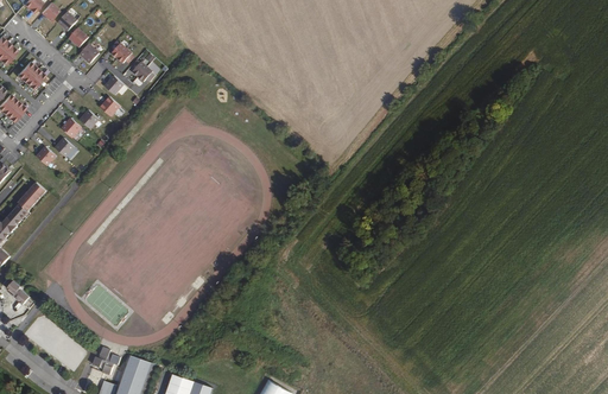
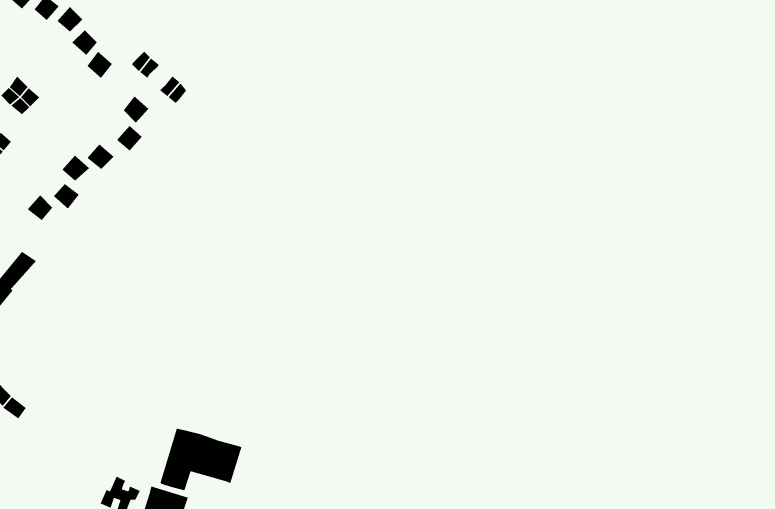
building: none -> [160,428,242,491]

